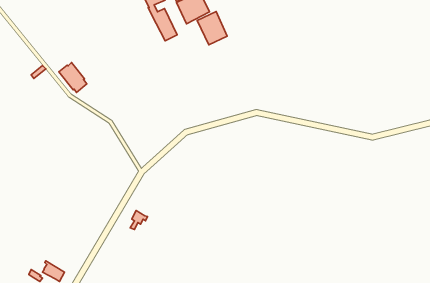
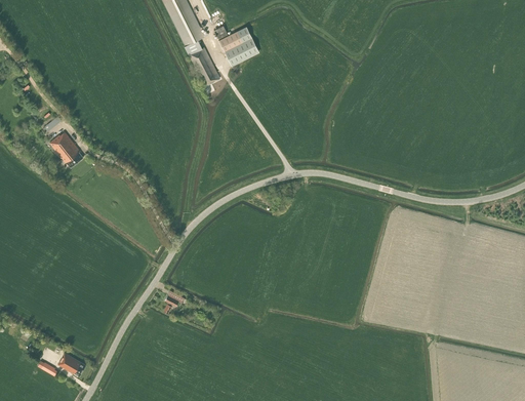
building: [197,11,227,45] -> none
building: [59,63,87,92] -> [49,130,83,166]

